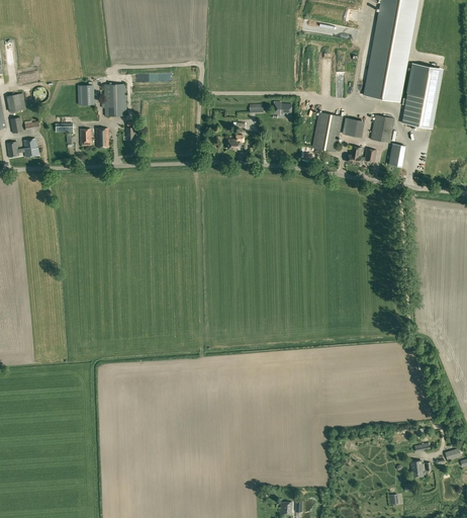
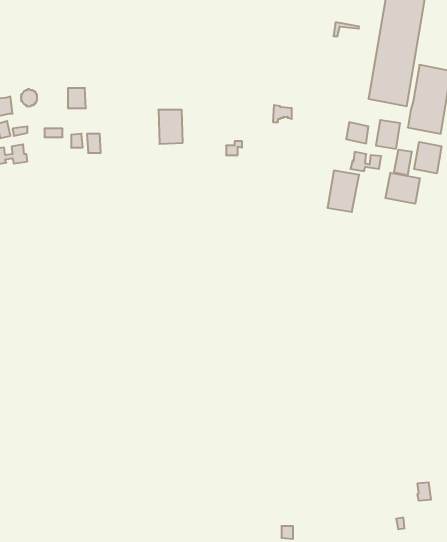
building: [104,84,127,116] -> [158,110,183,144]
building: [312,112,343,152] -> [327,171,359,212]
building: none -> [414,142,442,173]
building: none -> [386,173,420,204]

